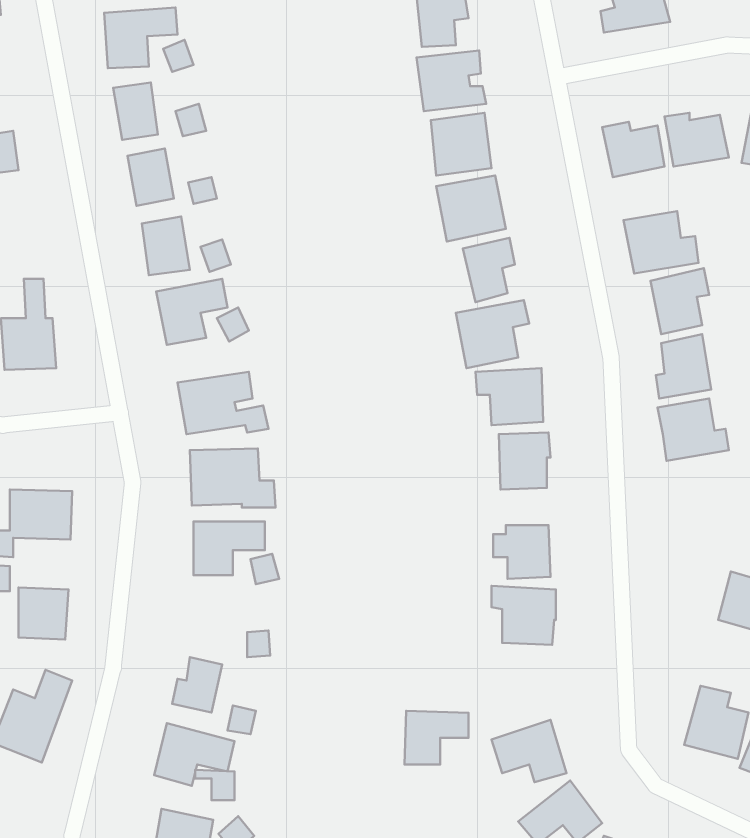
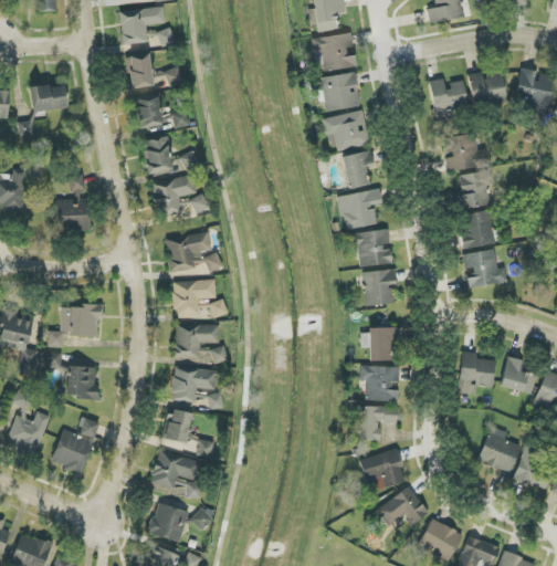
building: none -> [458,350,494,394]
building: none -> [170,367,216,401]
building: [404,711,469,764] -> [357,406,397,439]

